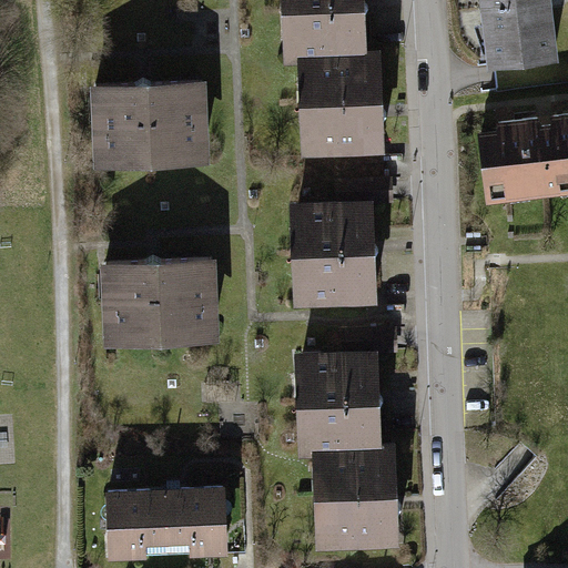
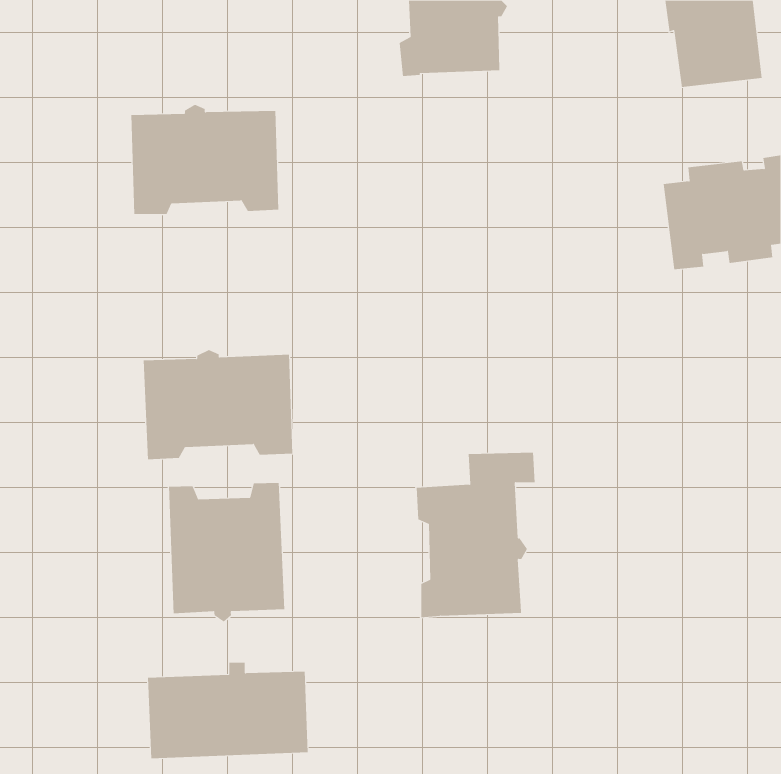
building: [304,57,385,154] -> none
building: [296,184,383,304] -> none
building: none -> [168,482,285,623]
building: [318,449,399,546] -> none

